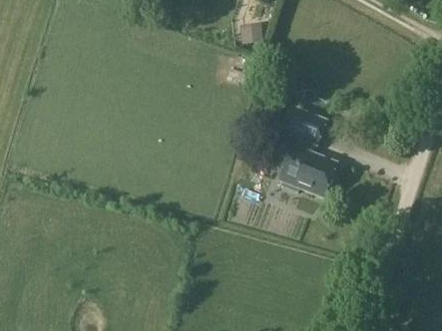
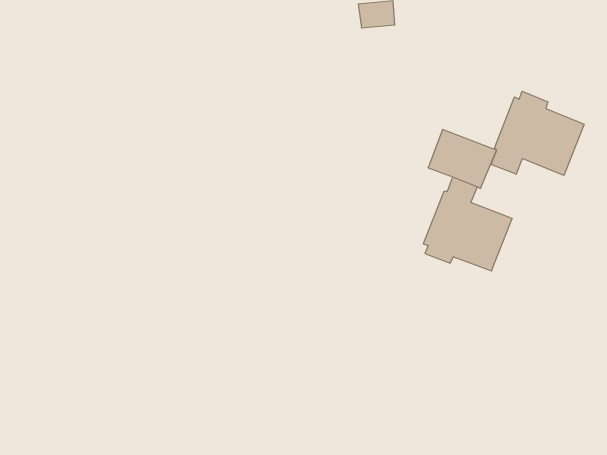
building: none -> [492,91,584,175]

